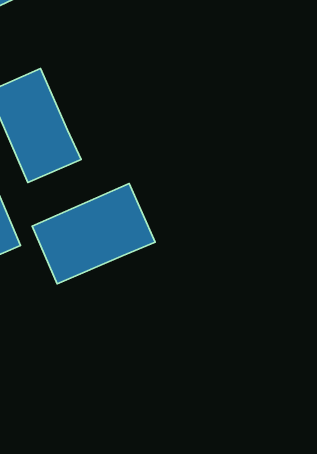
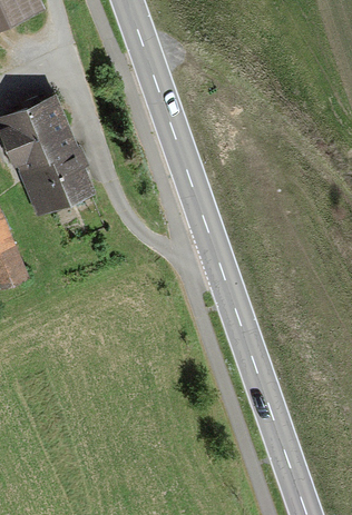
building: [32,184,155,284] -> none

